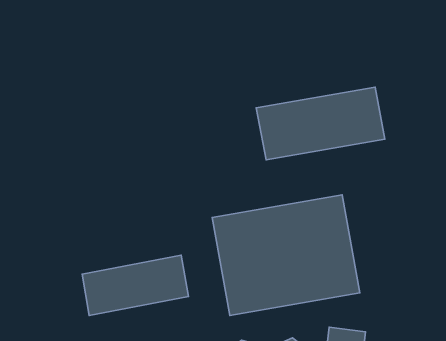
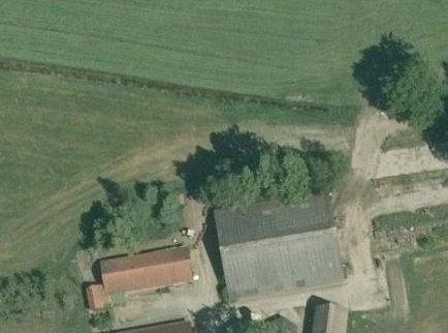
building: [256,87,385,160] -> none

